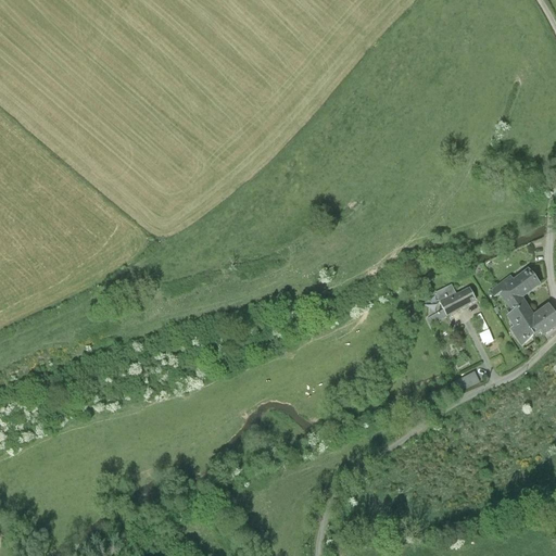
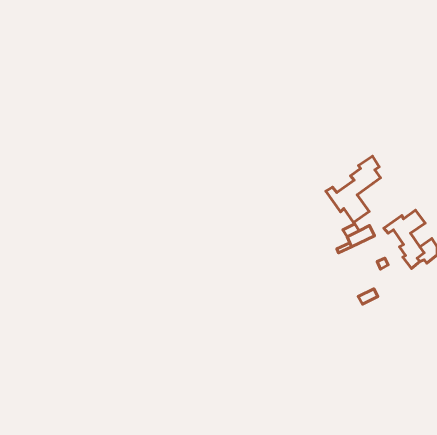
building: none -> [326,156,380,222]

